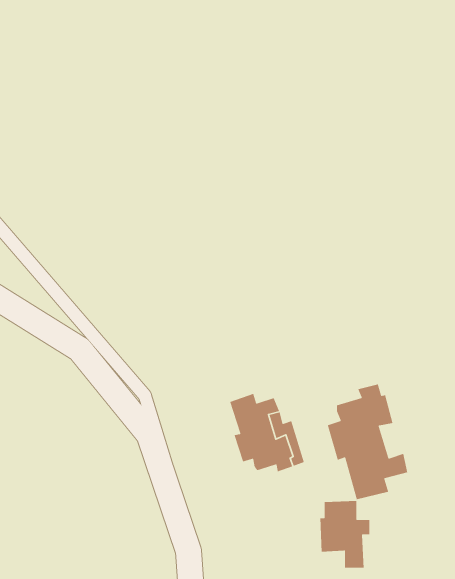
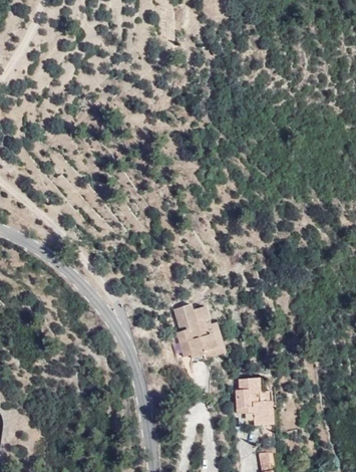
building: [327,384,408,500] -> none

